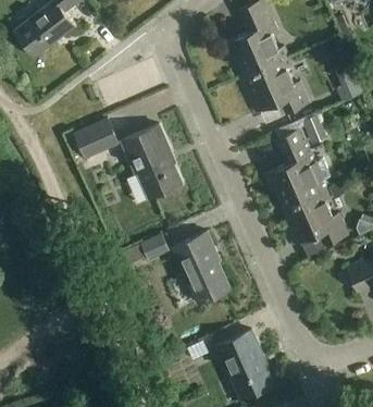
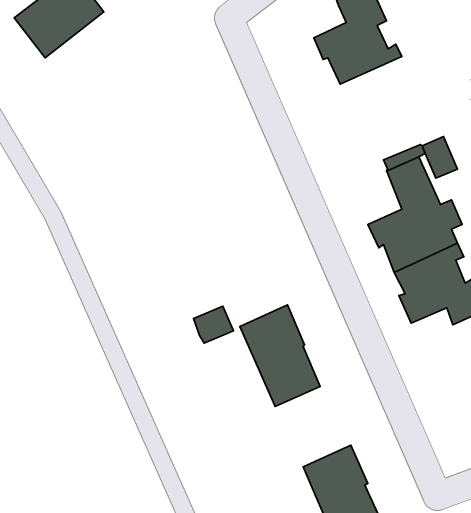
building: [244,57,308,114] -> none
building: [74,119,116,157] -> none
building: [122,124,182,198] -> none

